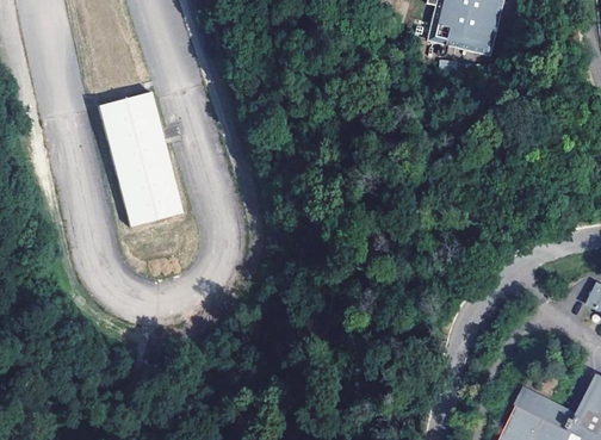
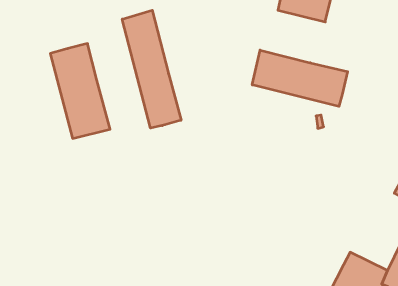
building: none -> [122,10,181,128]
building: none -> [252,50,348,106]

